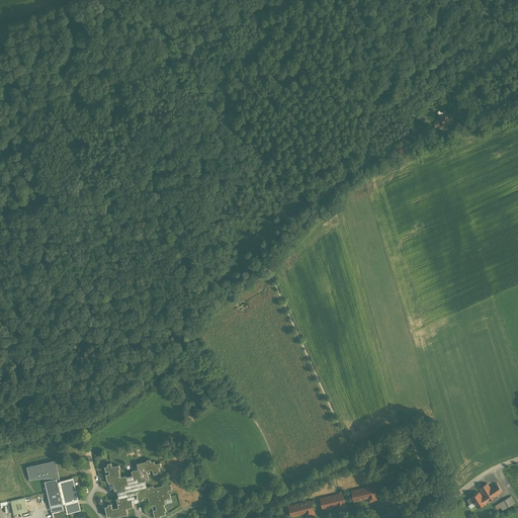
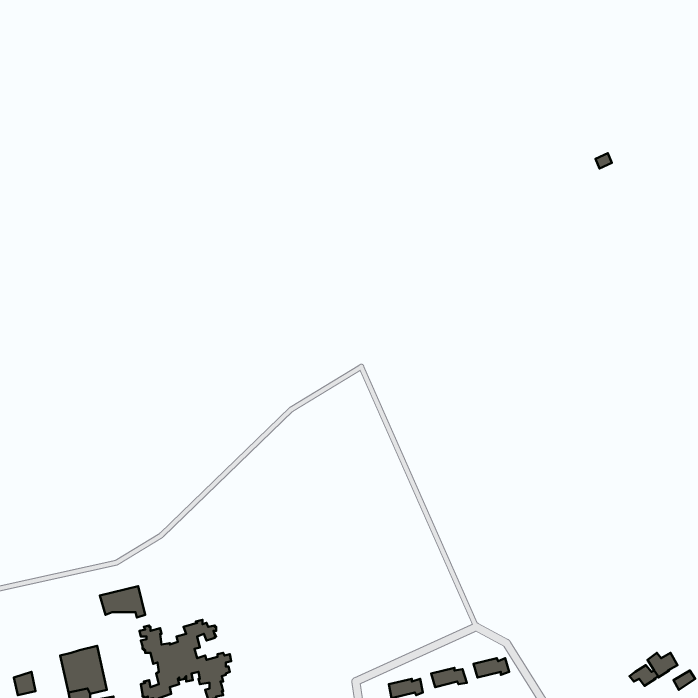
building: [25,460,59,484] -> [100,586,145,618]

